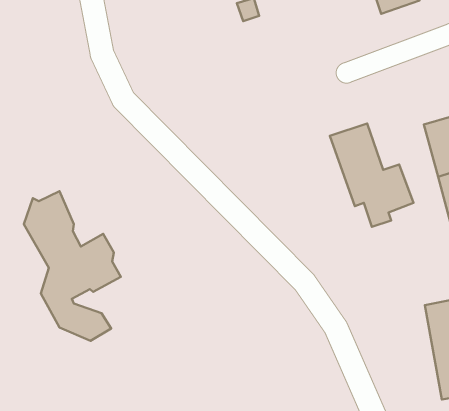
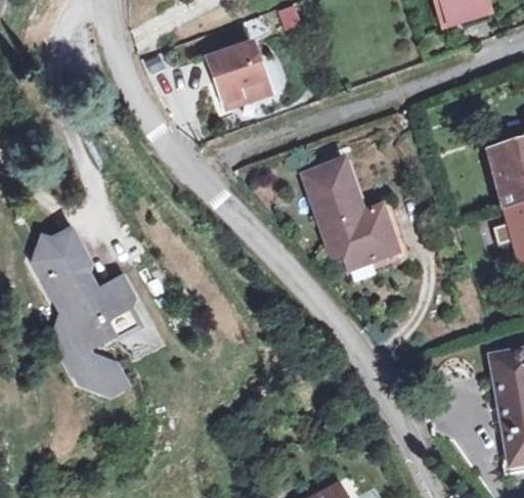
building: none -> [205,39,267,106]
building: [330,123,414,227] -> [304,160,400,278]

